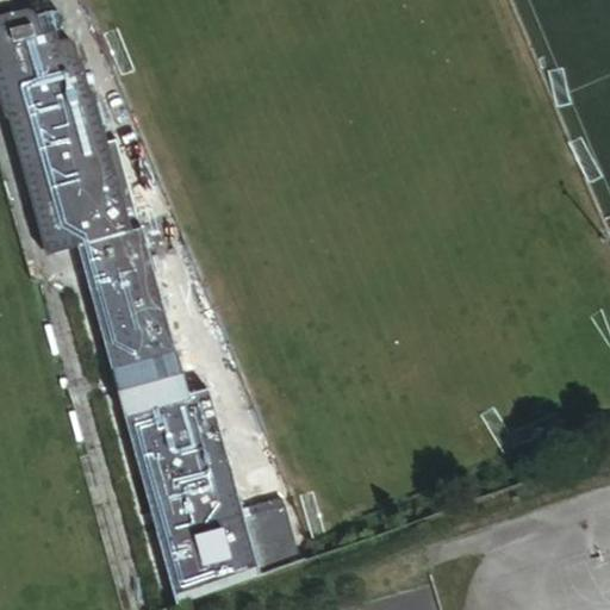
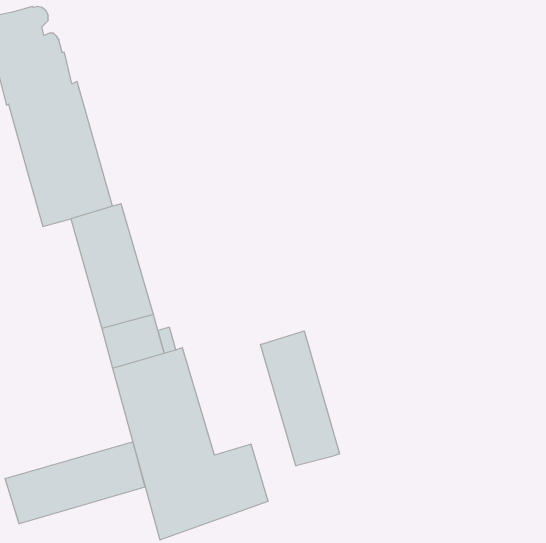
building: none -> [260,331,339,466]
building: none -> [5,442,145,524]

